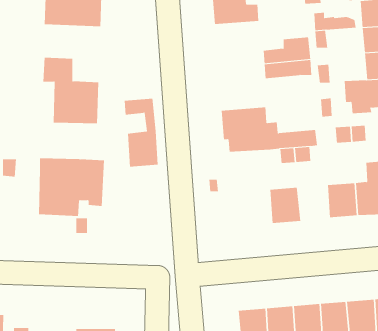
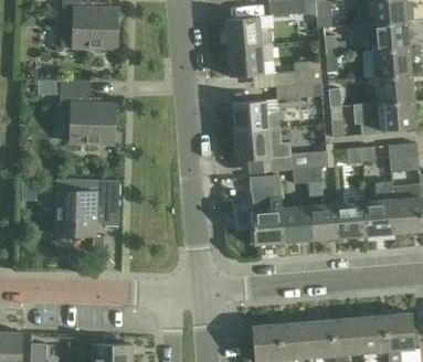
building: none -> [228,45,274,77]
building: none -> [232,100,278,132]
building: [124,98,159,167] -> [250,178,284,245]
building: none -> [309,205,340,241]

